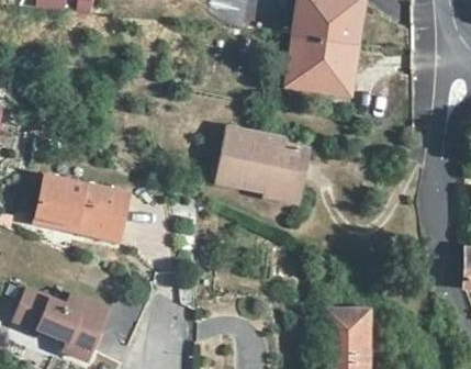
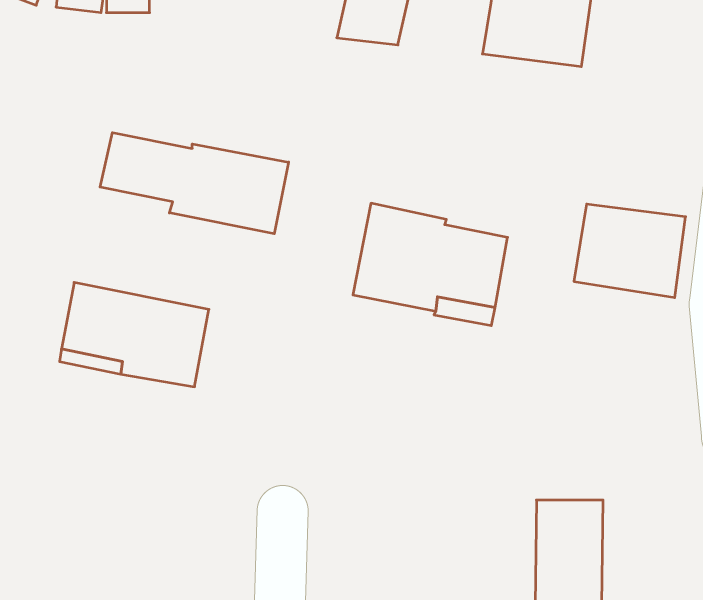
building: [288,35,356,92] -> [574,204,686,298]
building: none -> [100,133,289,234]
building: [15,289,109,359] -> none

